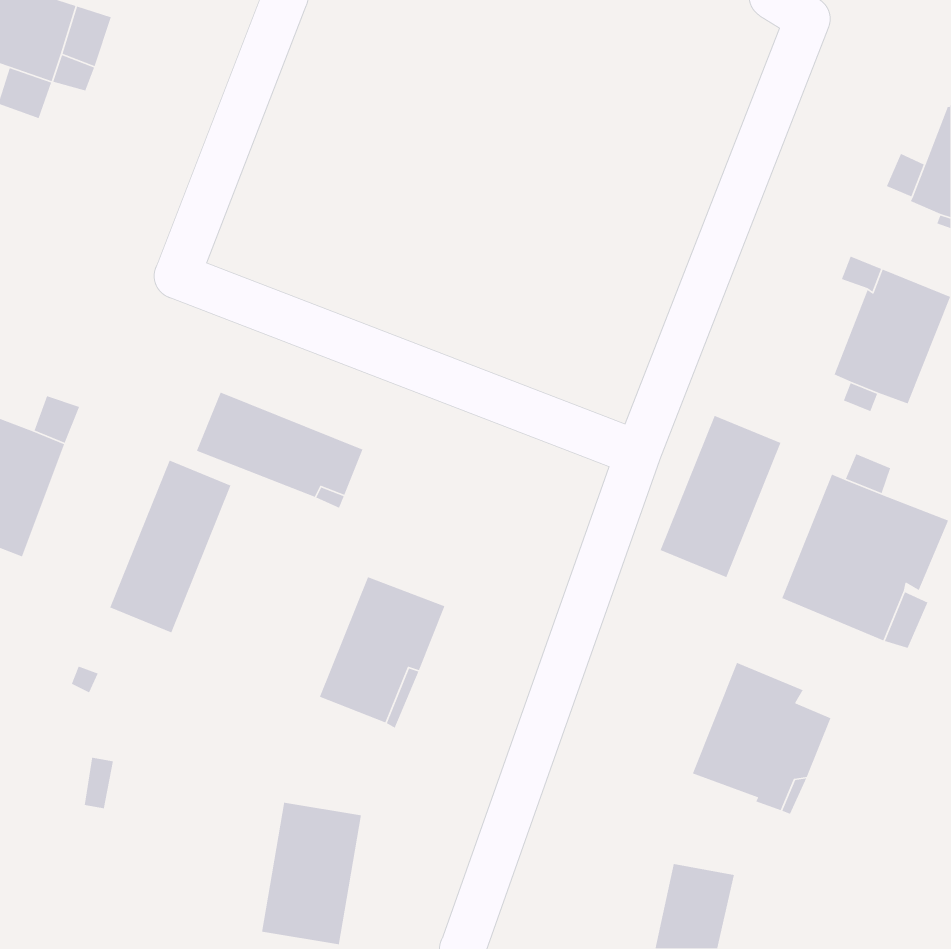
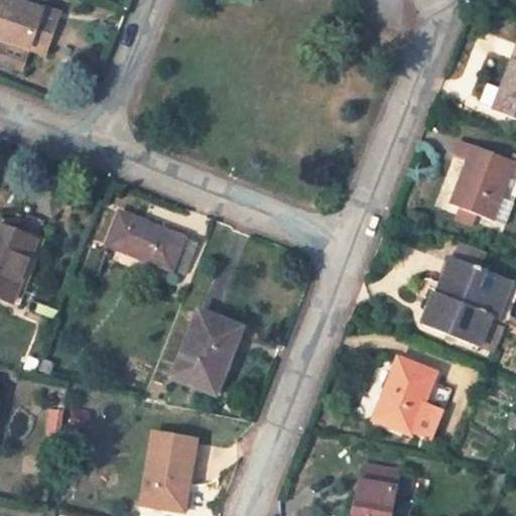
building: [659,415,781,578] -> none
building: [109,459,232,634] -> none

